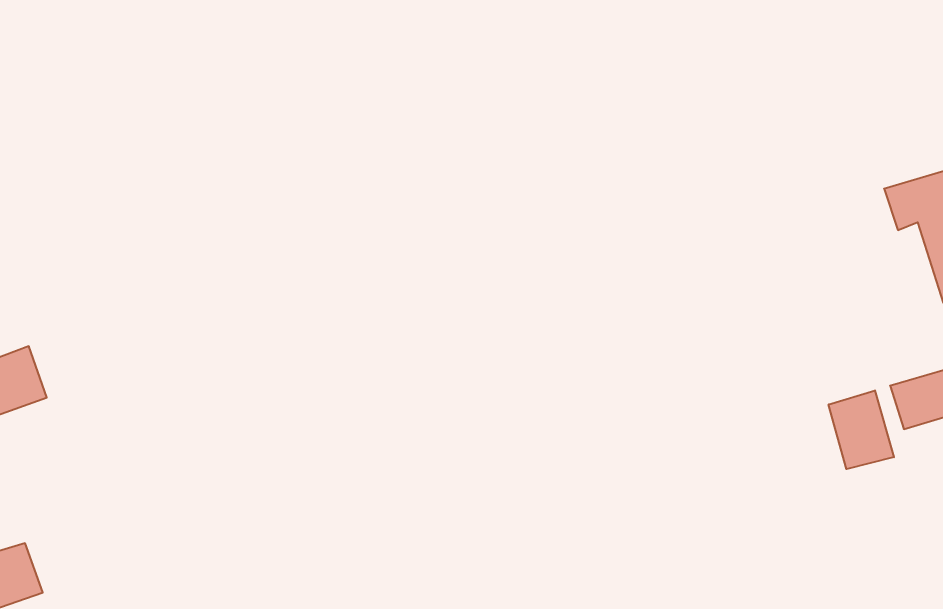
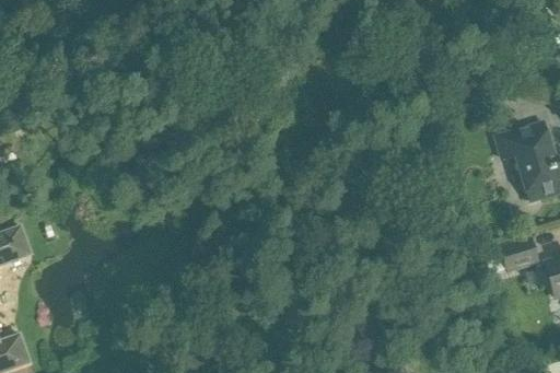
building: [829,390,894,469] -> none

